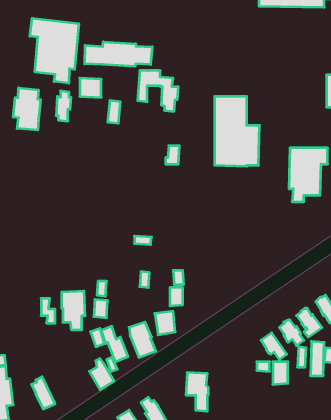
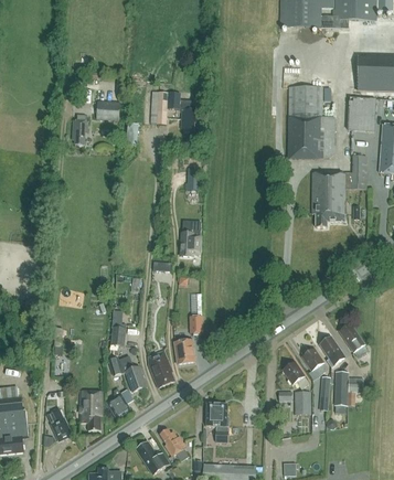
building: [30,18,79,83] -> none
building: [85,42,152,66] -> none
building: [13,88,41,130] -> none
building: [215,96,260,166] -> [288,87,334,159]
building: none -> [179,221,201,256]
building: [62,291,85,330] -> [78,391,103,430]

